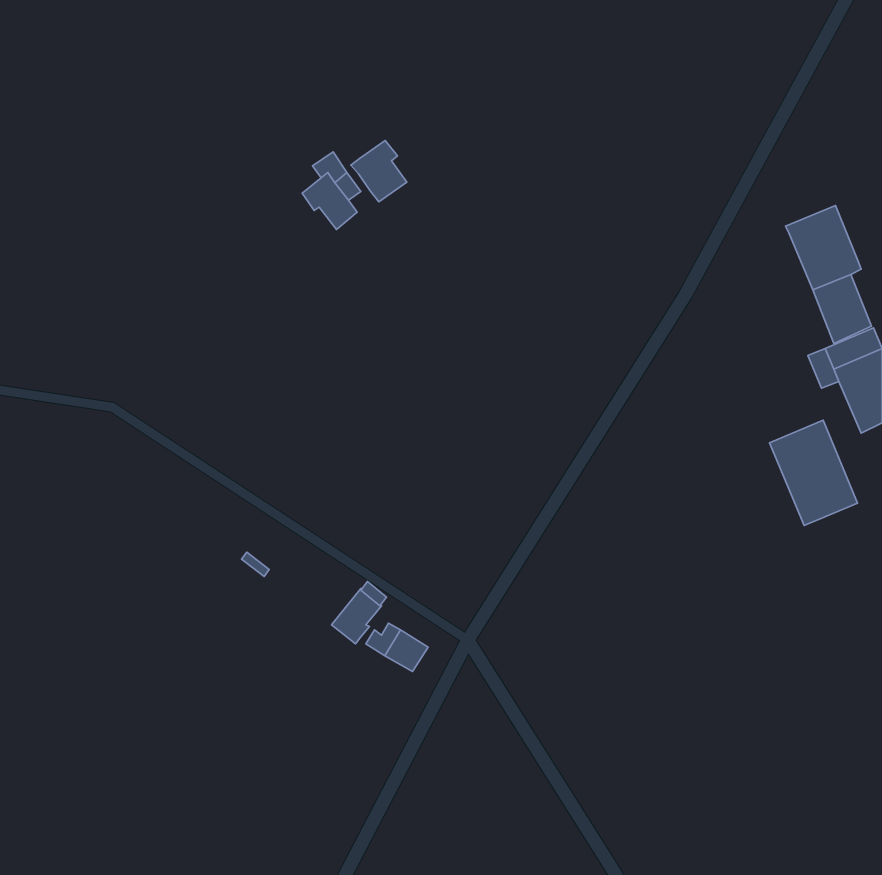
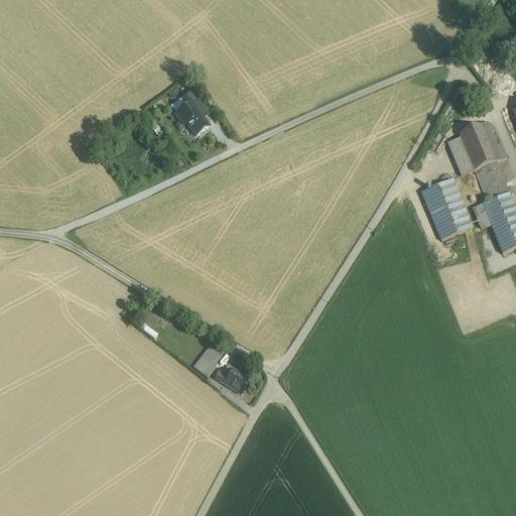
building: [351,140,407,202] -> none
building: none -> [447,136,475,175]
building: [770,420,858,526] -> [421,178,473,240]

